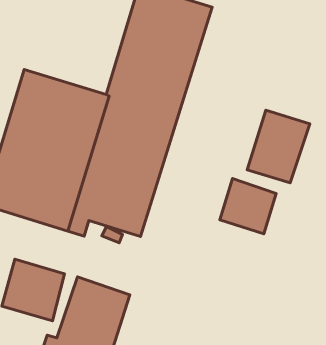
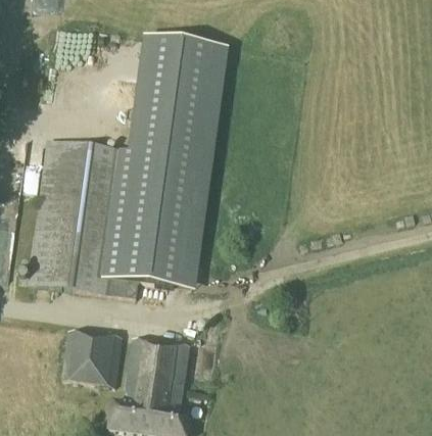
building: [247,110,310,183] -> none
building: [220,179,276,234] -> none

